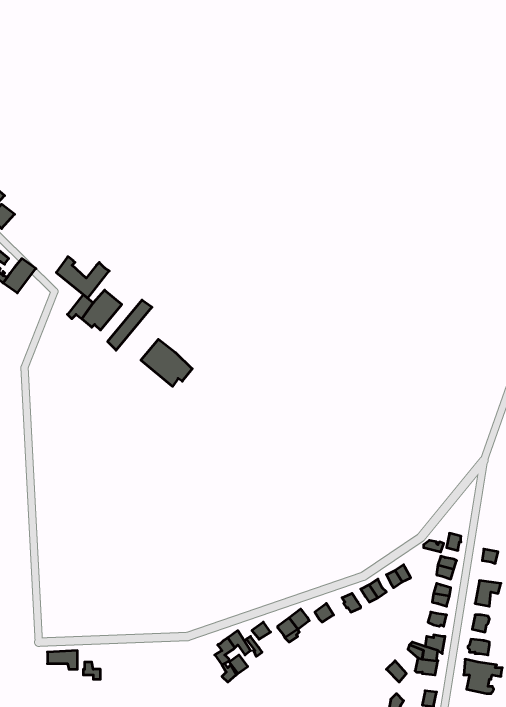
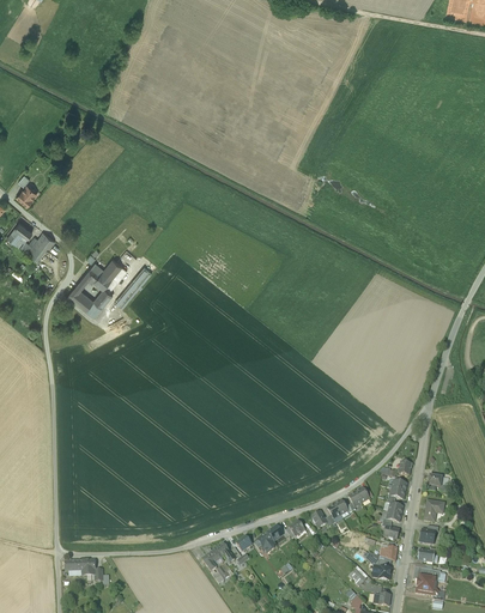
building: [56,257,109,298] -> [68,281,113,316]
building: [141,339,192,386] -> none

